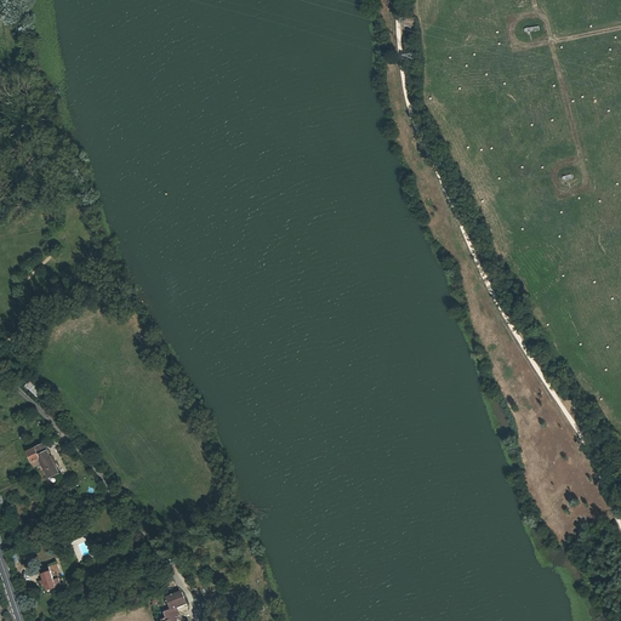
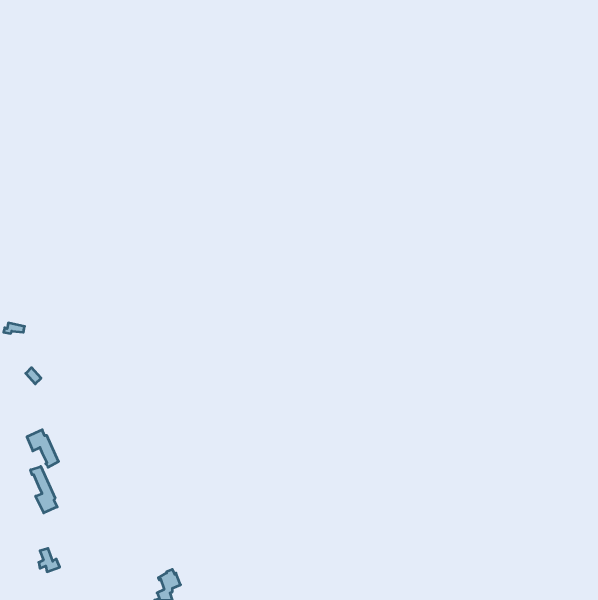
building: none -> [31,466,57,513]

